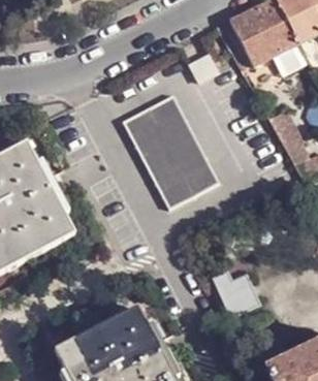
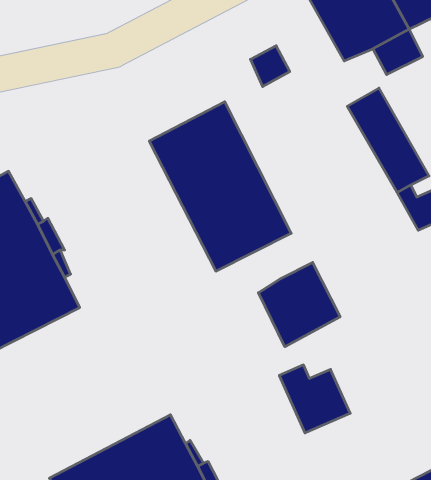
building: none -> [258,262,340,347]

